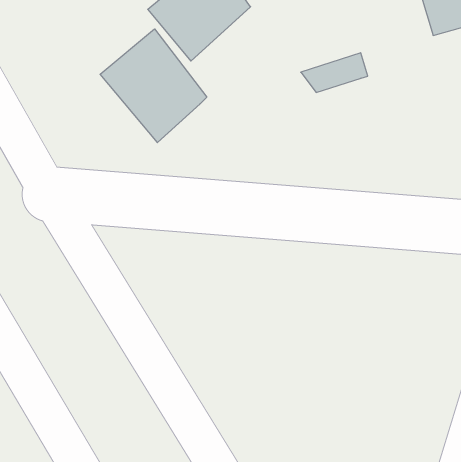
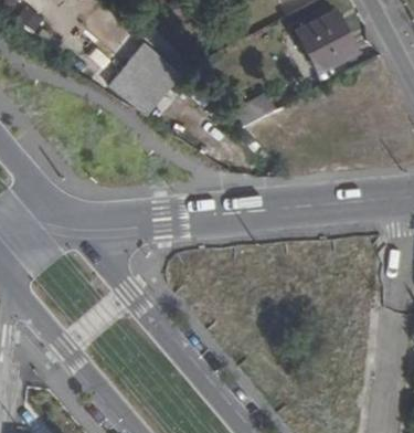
building: [100,29,207,143] -> none

